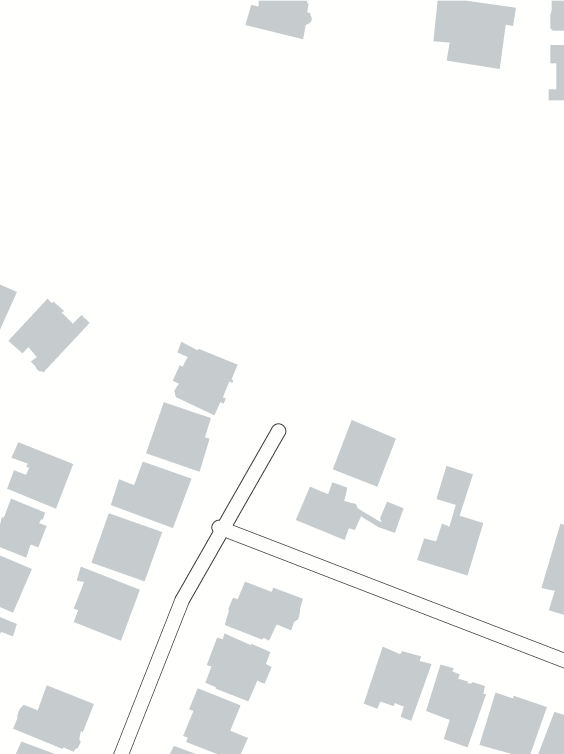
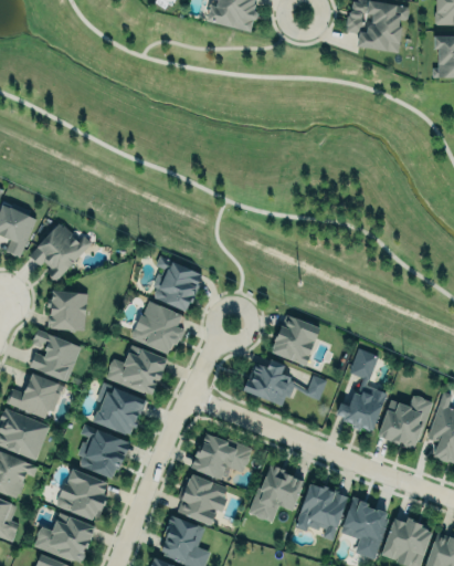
building: none -> [47,291,87,332]
building: none -> [376,395,433,450]
building: none -> [247,464,304,523]
building: none -> [55,470,108,521]

